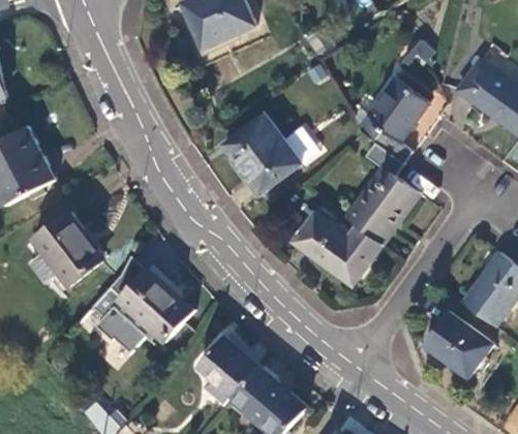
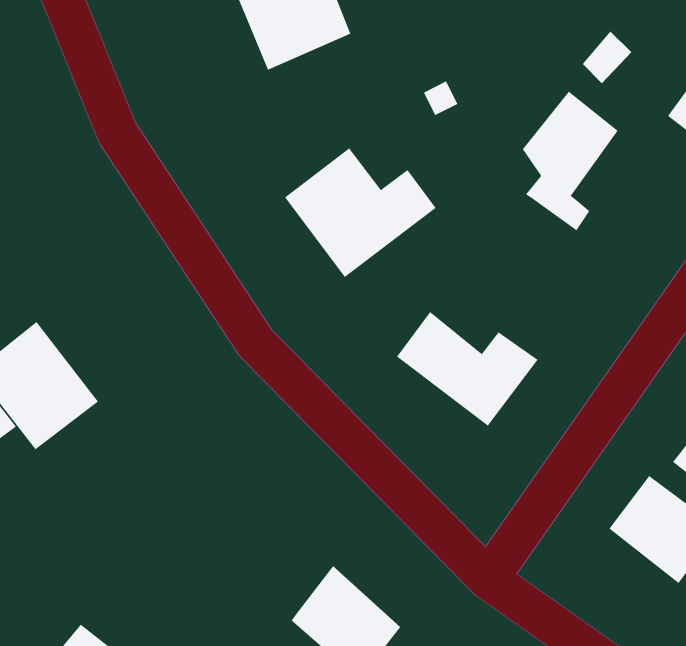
building: [348,138,418,239] -> none
building: [90,271,191,358] -> none
building: [188,330,253,397] -> none

